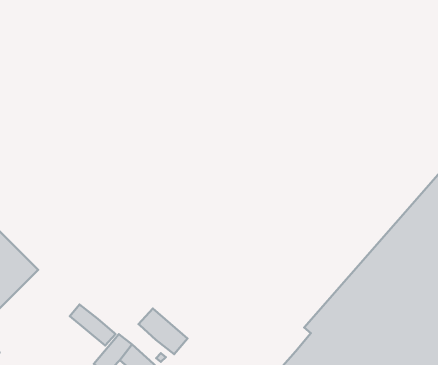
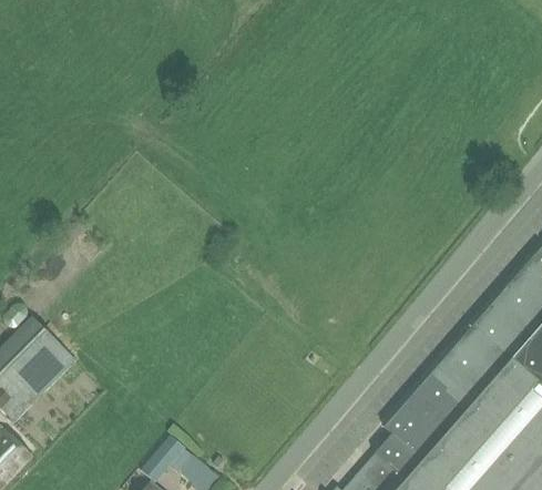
building: [70,305,116,346] -> none
building: [138,309,187,354] -> none

